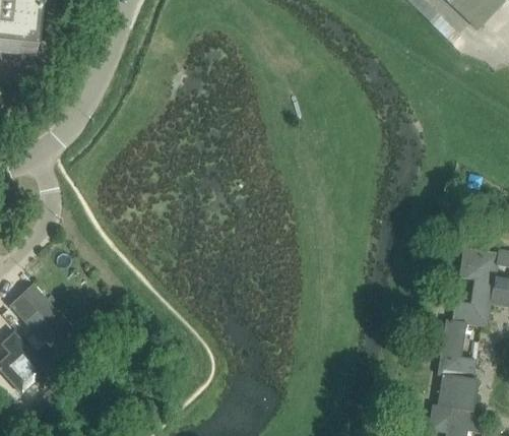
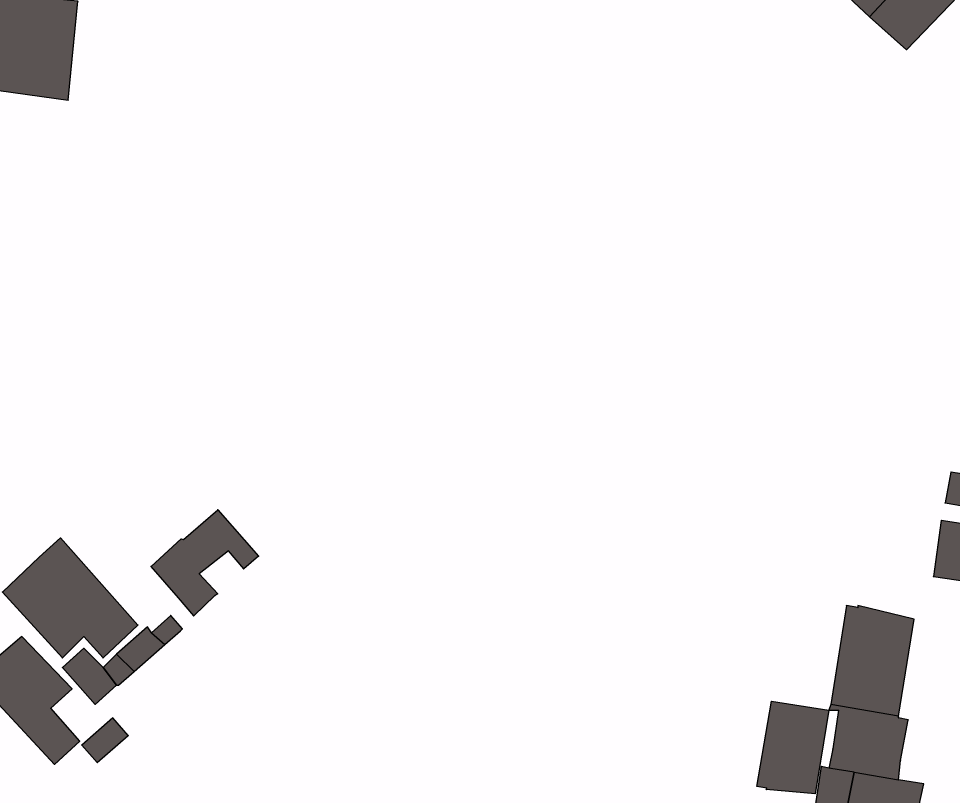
building: [451,246,500,326] -> none
building: none -> [151,510,259,616]
building: none -> [757,701,829,794]

